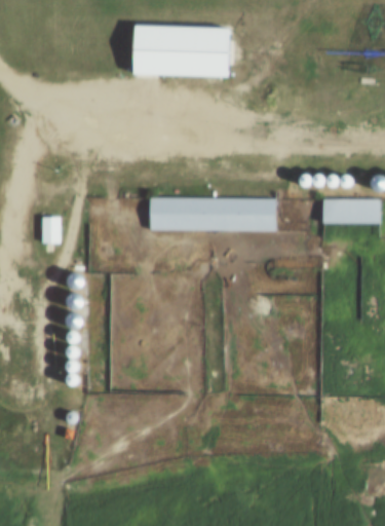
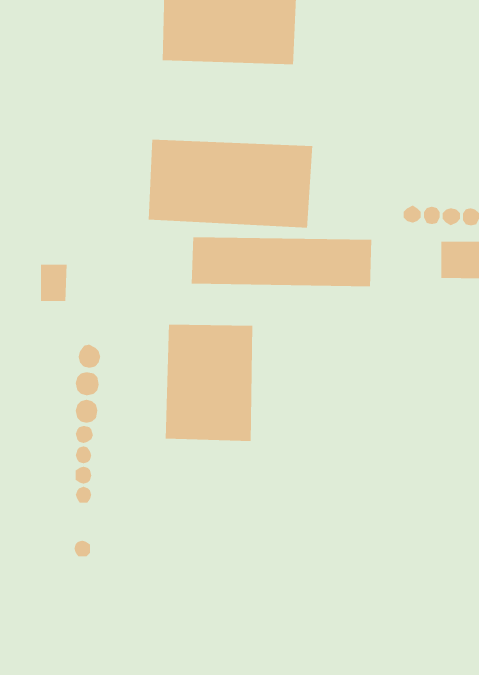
building: none -> [148,139,313,229]
building: none -> [165,324,253,442]

